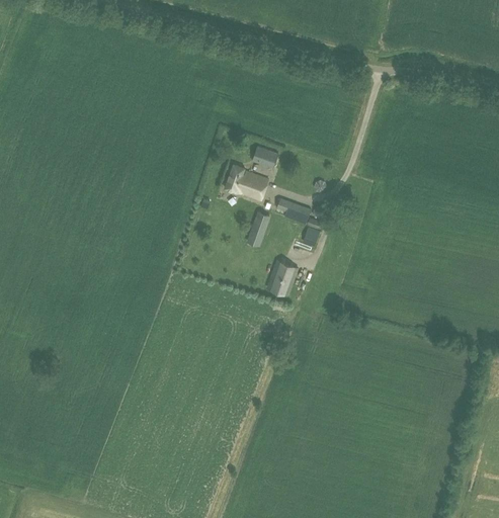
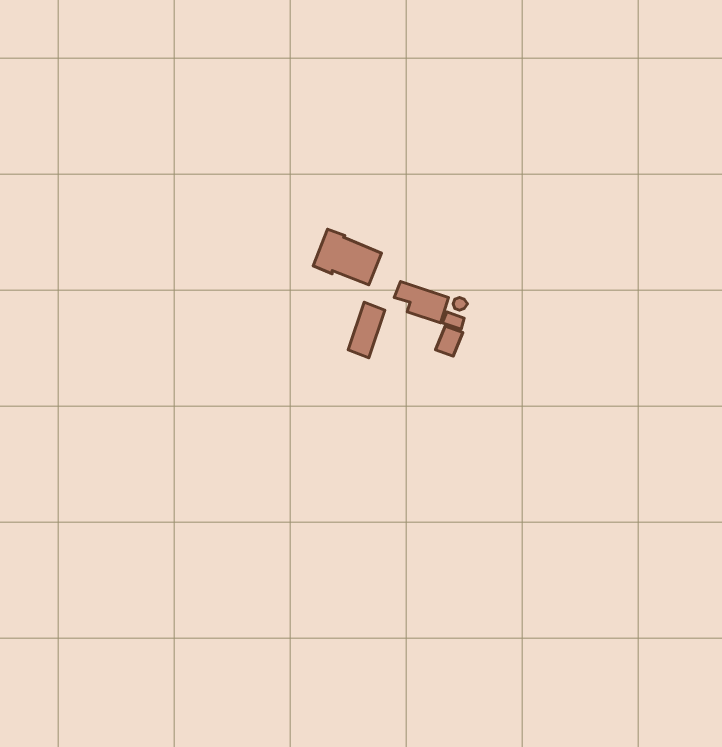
building: [251,145,277,168] -> none
building: [265,259,298,295] -> none

